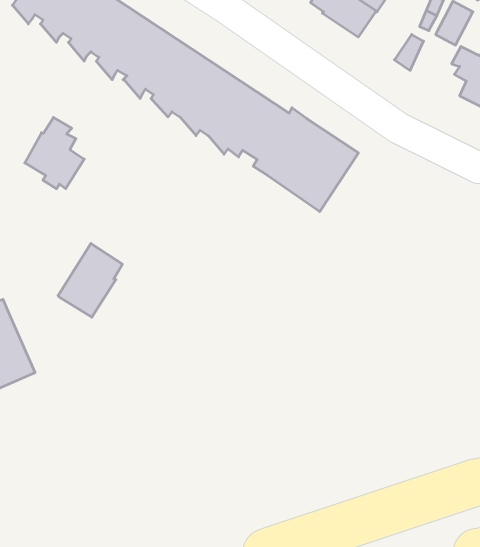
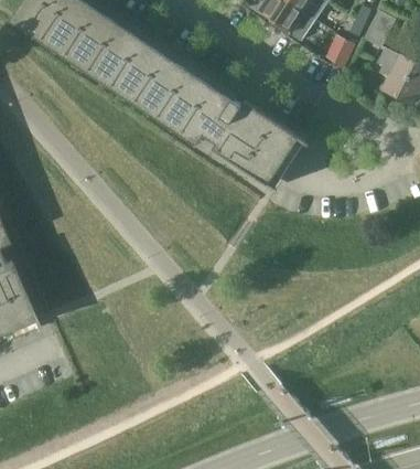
building: [25,117,84,189] -> none
building: [58,243,122,317] -> none

